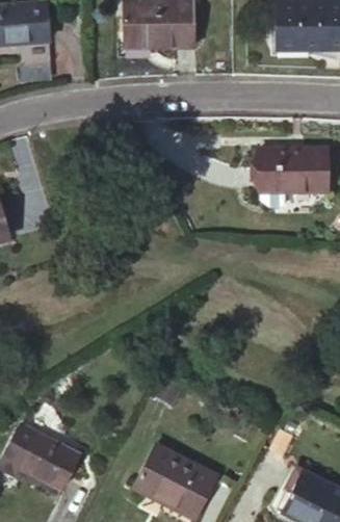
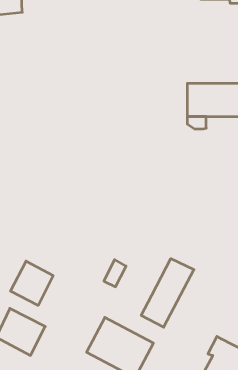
building: none -> [141,259,194,327]
building: none -> [11,261,53,305]

